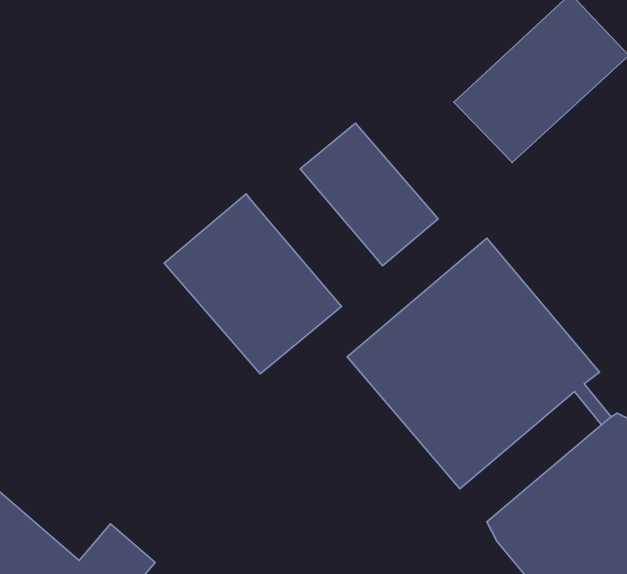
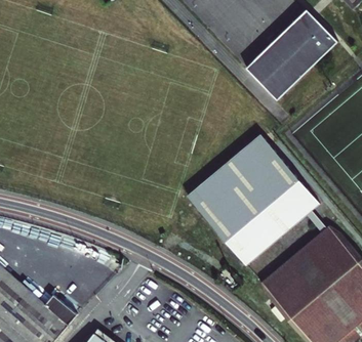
building: [300,123,438,266] -> none
building: [164,194,342,374] -> none

